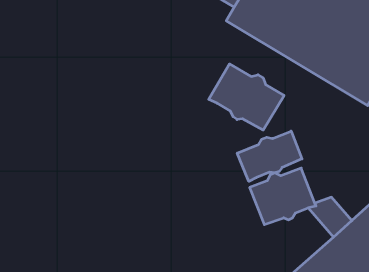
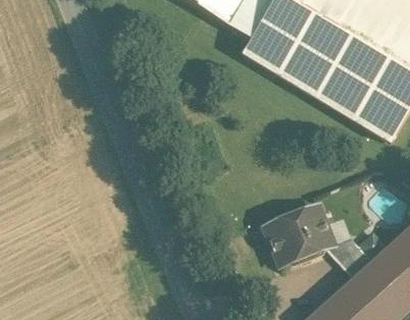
building: [209,64,284,130] -> none
building: [237,131,302,181] -> none

